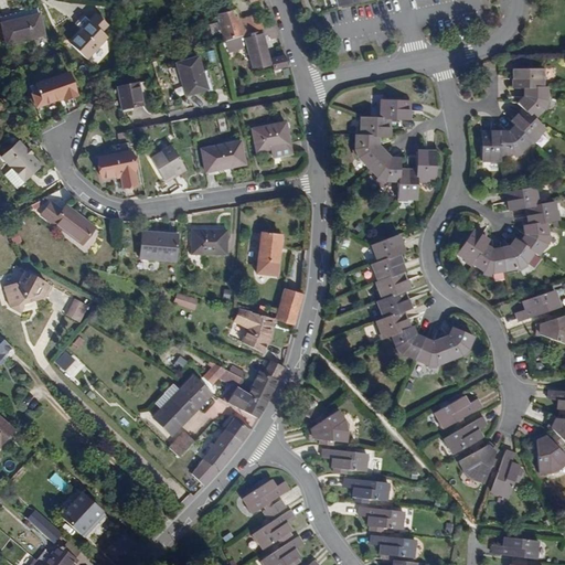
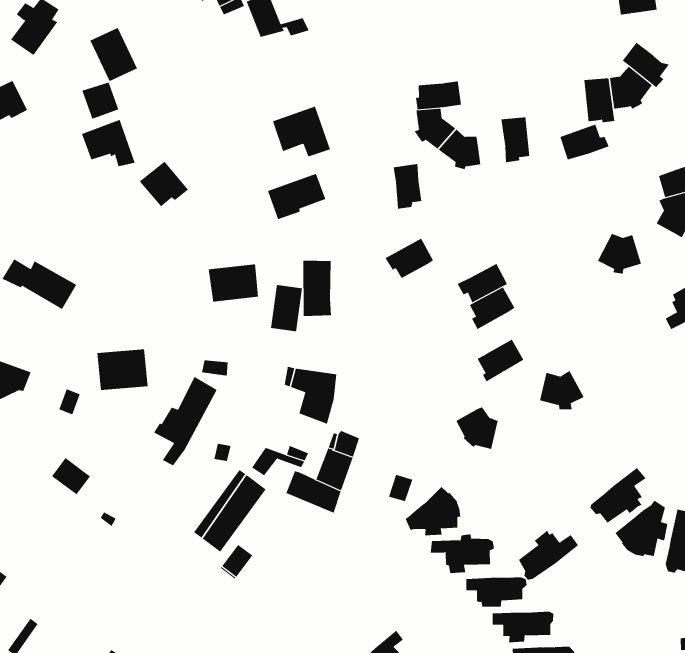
building: [177,56,209,95] -> [90,27,138,82]
building: [519,87,551,118] -> none
building: [380,99,409,119] -> none
building: [202,141,244,171] -> [267,173,326,220]
building: [99,150,136,184] -> [81,119,135,167]
building: [398,170,418,201] -> [393,164,422,209]
building: [507,186,542,210] -> [559,124,610,160]
building: [458,230,489,266] -> none
building: [140,231,177,260] -> [96,349,149,390]
building: [370,234,405,262] -> [385,238,434,279]
building: [502,238,533,269] -> none
building: [276,288,303,324] -> [270,284,303,332]
building: [377,290,412,319] -> none
building: [394,326,425,358] -> [456,406,498,449]
building: [443,328,475,360] -> none
building: [436,393,481,427] -> [518,530,579,580]
building: [198,417,248,480] -> [153,376,217,466]
building: [245,478,290,516] -> none

